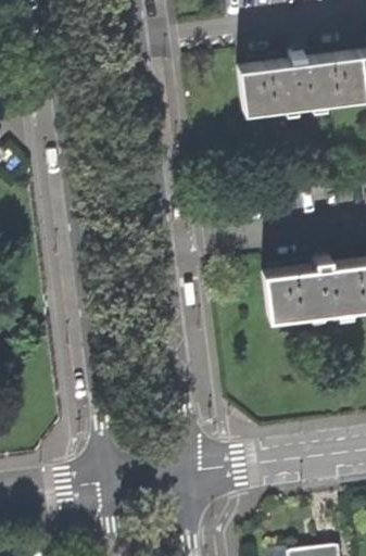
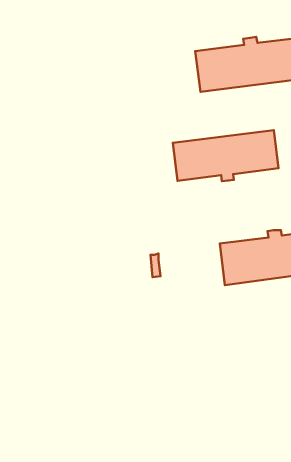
building: none -> [173,130,279,181]

